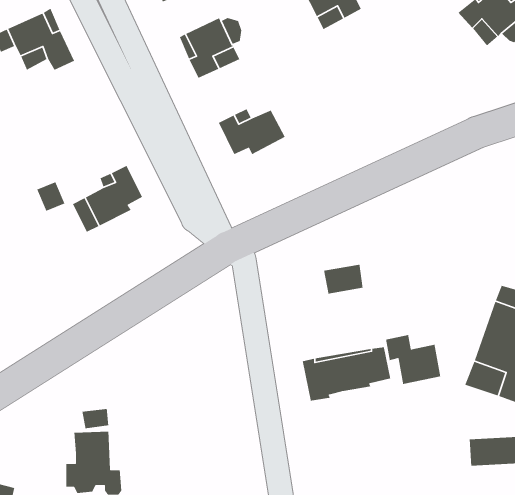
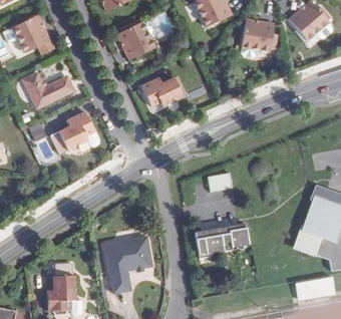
building: none -> [241,21,273,51]
building: none -> [22,71,74,108]
building: [385,334,441,385] -> none
building: none -> [105,236,152,293]

